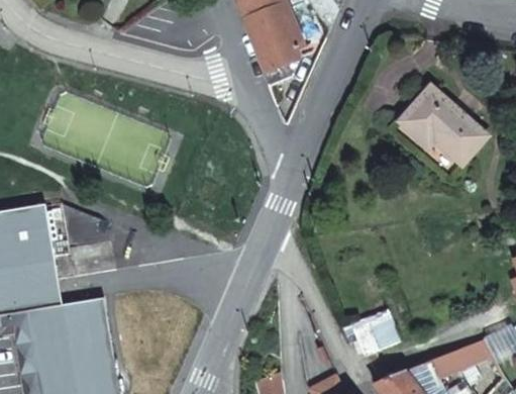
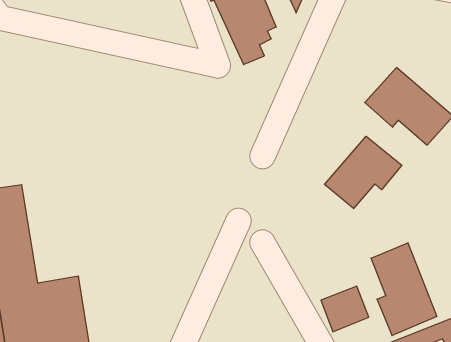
building: none -> [325,136,402,209]
building: none -> [371,243,437,336]

